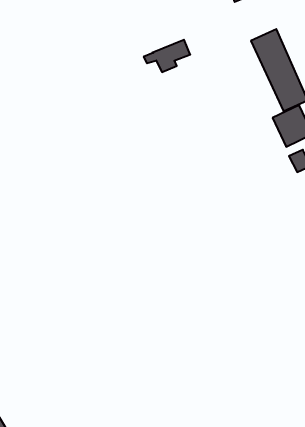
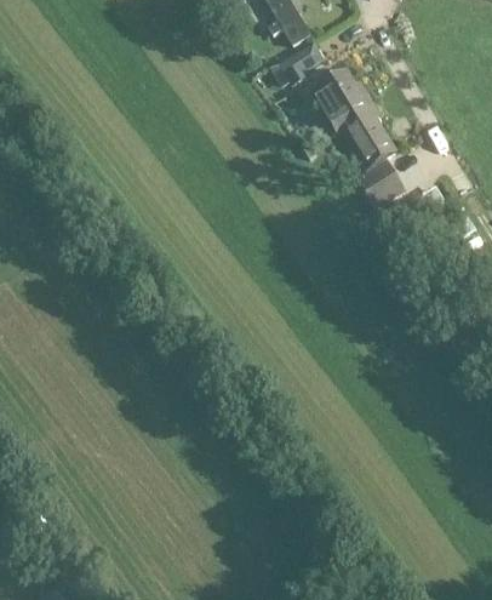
building: [144,40,190,72] -> [269,44,325,86]

